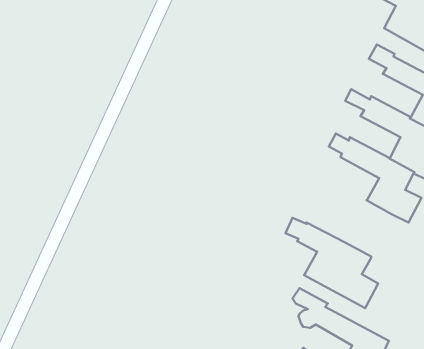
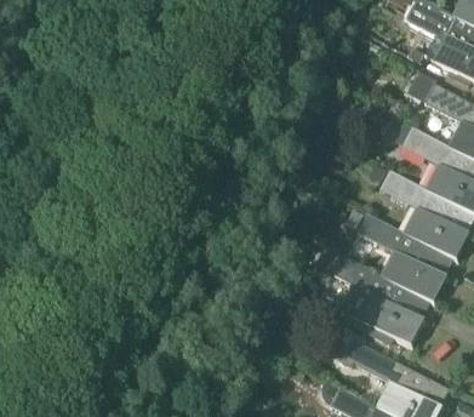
building: none -> [349,212,444,304]

